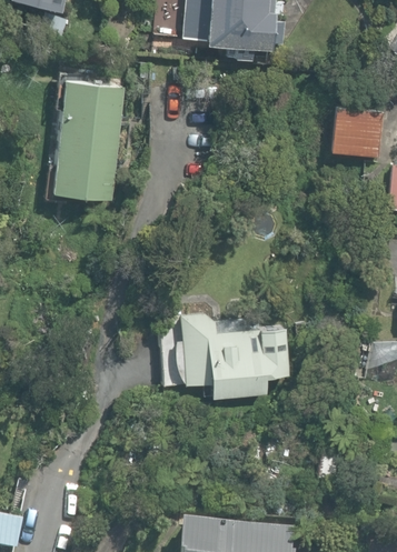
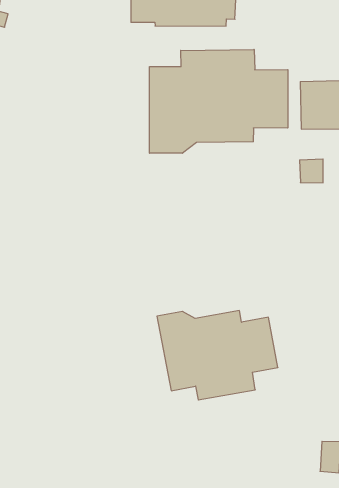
building: none -> [150,49,288,153]
building: [51,81,123,200] -> none

